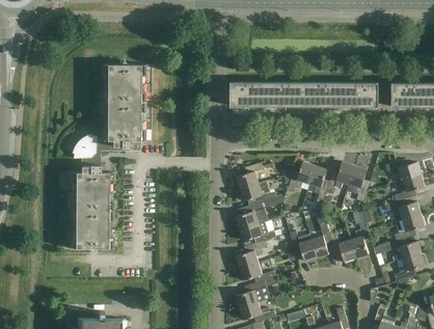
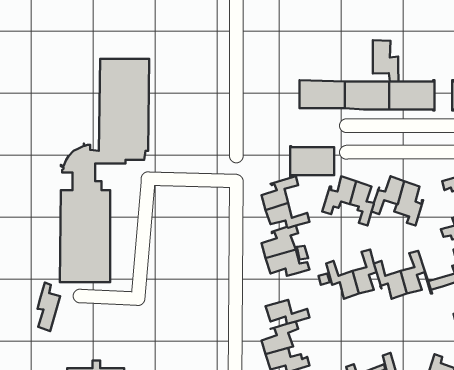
building: none -> [373,40,398,82]
building: [232,81,268,107] -> [290,146,334,178]
building: [236,241,267,268] -> none
building: none -> [37,283,60,331]

